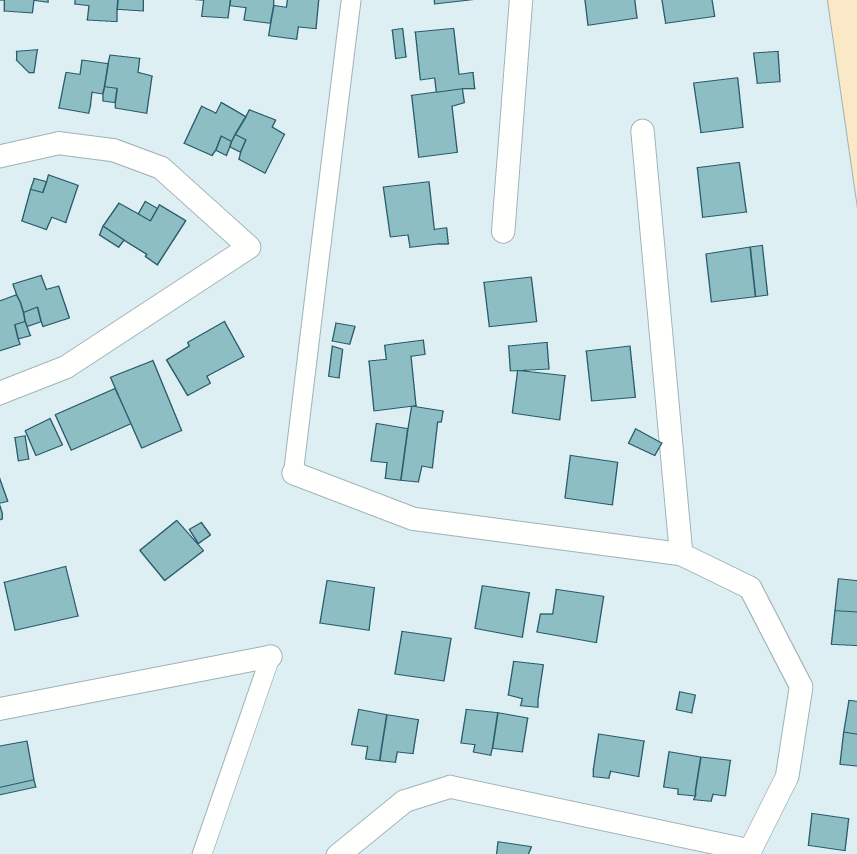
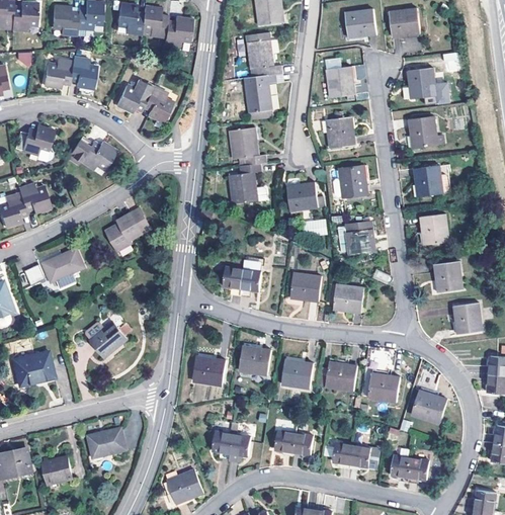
building: none -> [326,66,354,98]
building: none -> [325,117,354,149]
building: none -> [338,166,366,197]
building: none -> [420,214,448,245]
building: [369,340,425,411] -> [229,163,261,203]
building: [111,360,182,448] -> none
building: [512,370,565,420] -> [289,273,320,302]
building: none -> [433,262,461,292]
building: none -> [452,303,482,334]
building: none -> [367,373,399,402]
building: [395,631,451,681] -> [238,346,270,374]
building: none -> [411,391,446,423]
building: [508,661,543,707] -> [332,442,352,468]
building: none -> [85,426,125,458]
building: none -> [40,455,70,483]
building: none -> [166,469,202,503]

